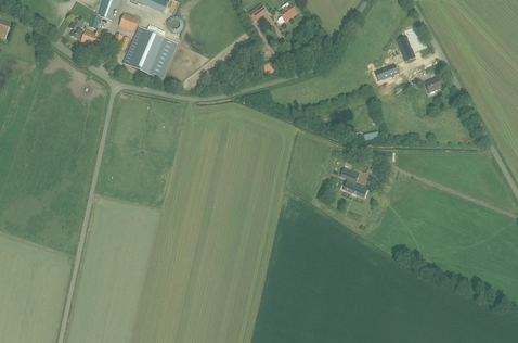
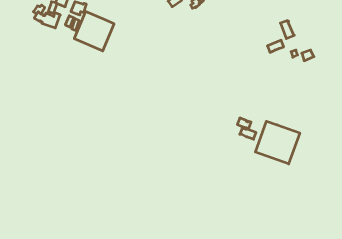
building: none -> [255,121,300,164]

